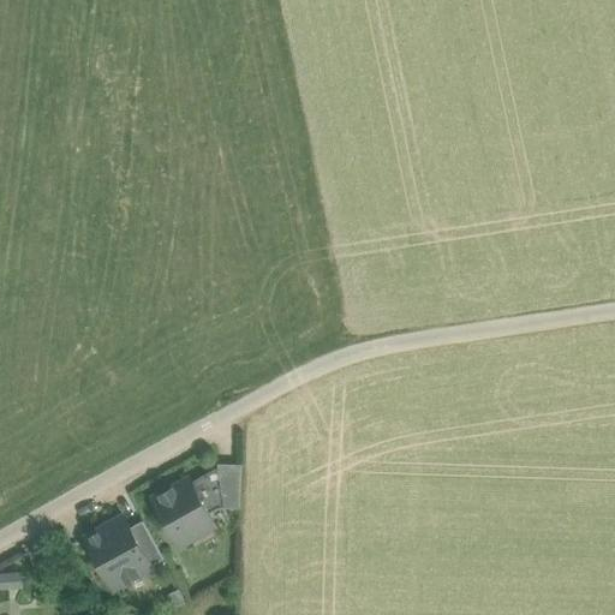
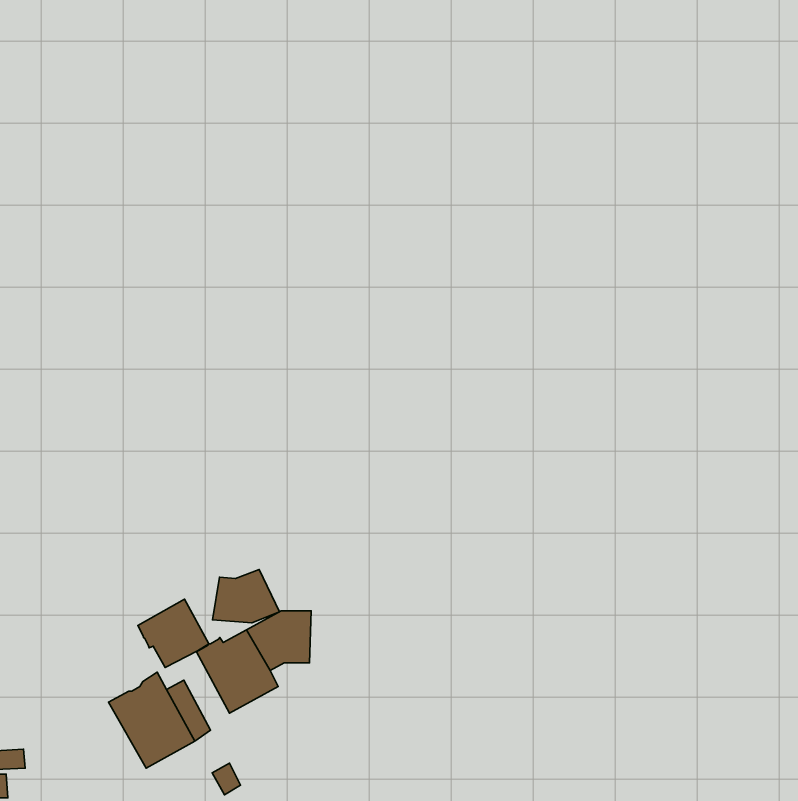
building: none -> [213,569,279,623]
building: none -> [138,599,209,668]

